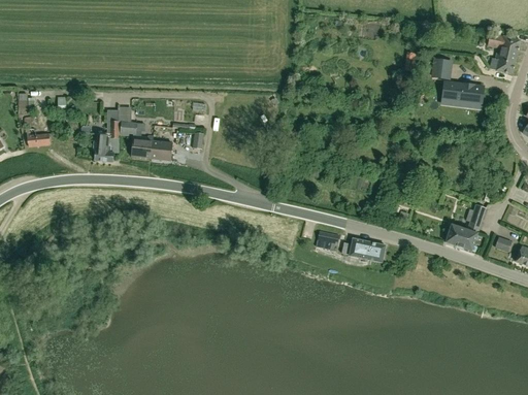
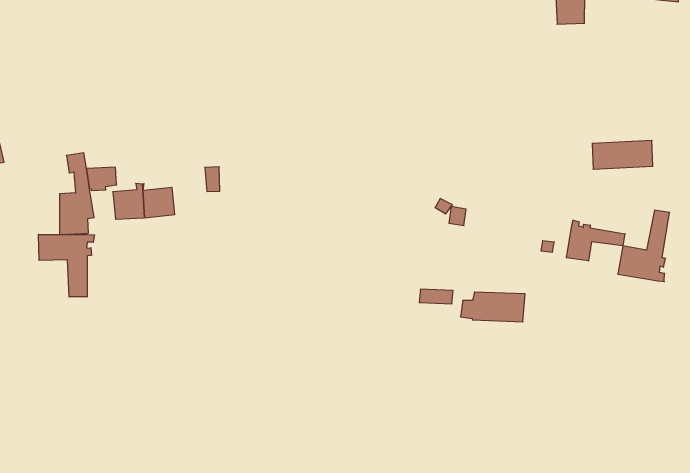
building: [442,83,483,103] -> [592,140,653,169]
building: none -> [39,234,94,297]
building: none -> [566,220,625,261]

